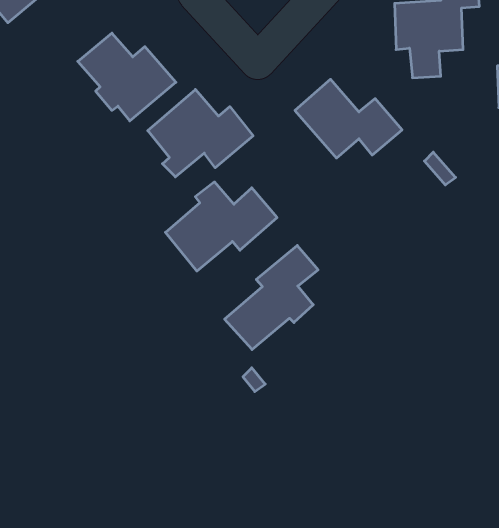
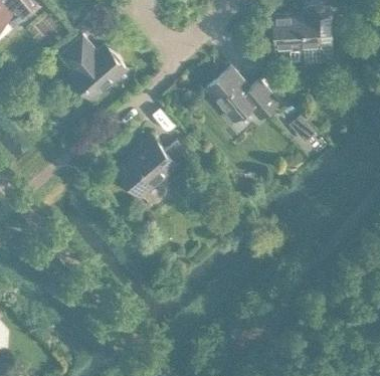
building: [148,89,253,177] -> none
building: [225,245,318,350] -> none

